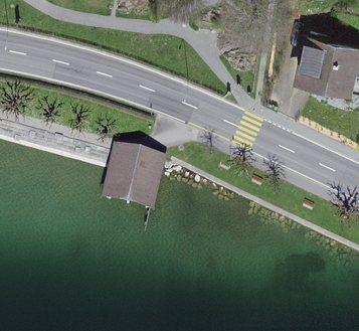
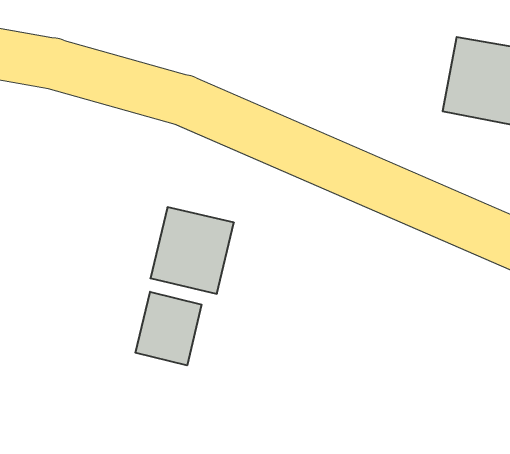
building: none -> [135,292,202,365]

